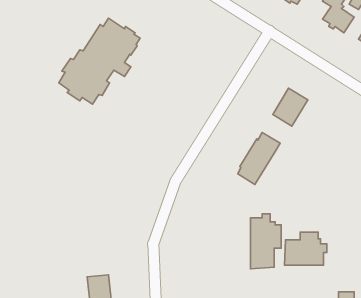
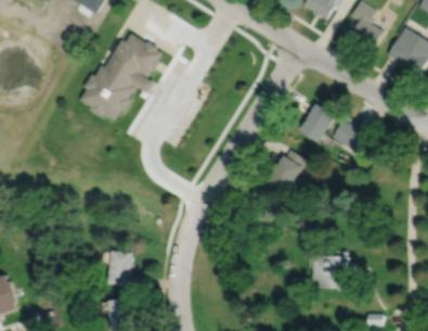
building: none -> [330,120,361,150]
building: [250,214,281,269] -> none
building: none -> [109,252,134,282]

